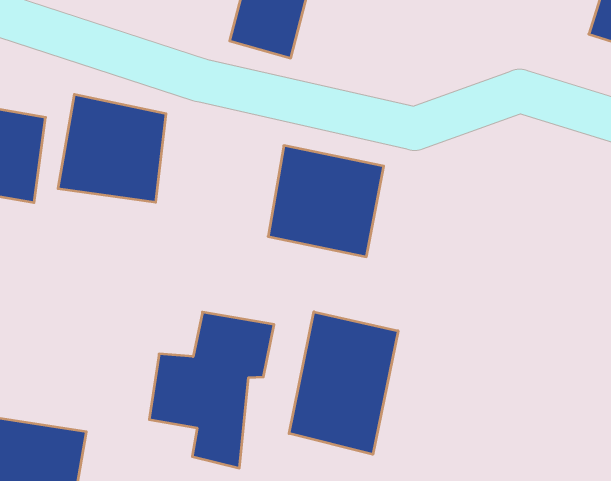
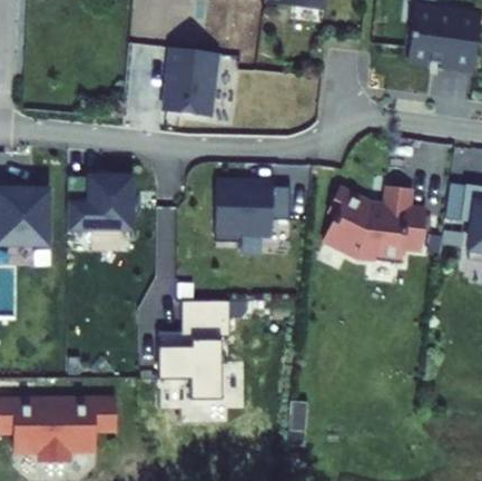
building: none -> [323,190,426,268]
building: [289,312,398,454] -> none

